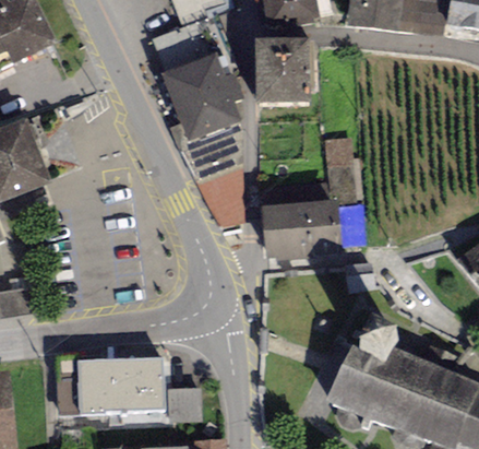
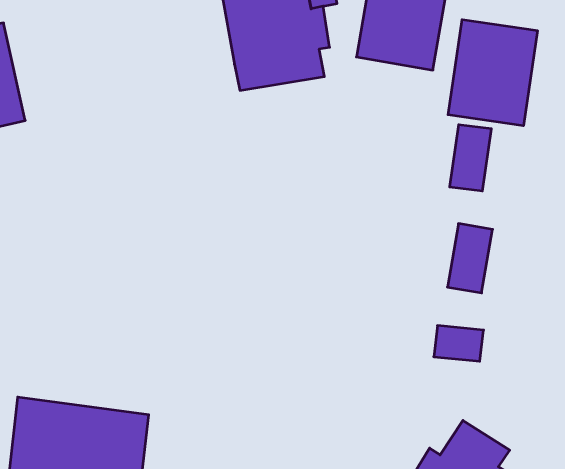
building: none -> [448,20,537,126]
building: [169,117,243,221] -> none
building: [263,198,336,251] -> none

